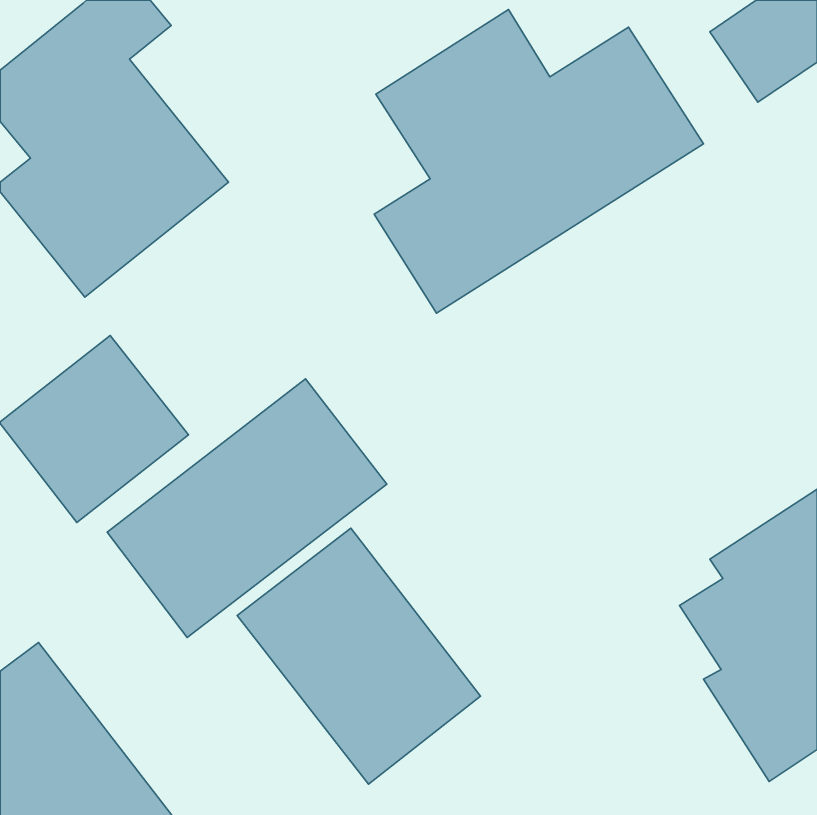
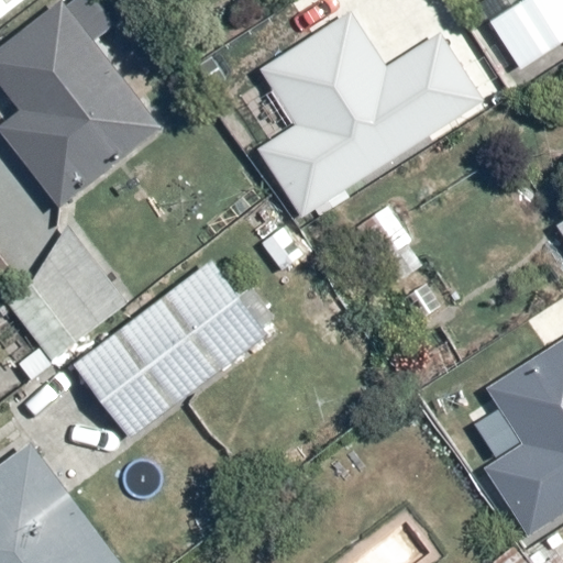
building: [237,528,480,784] -> none

